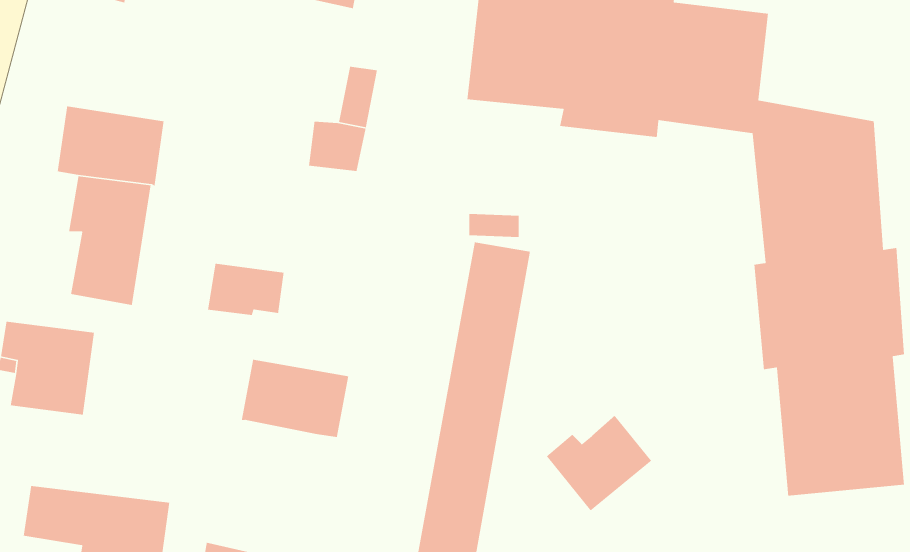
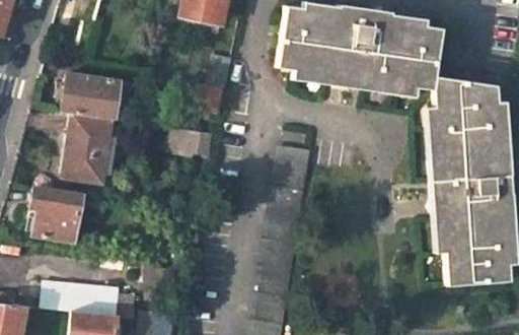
building: [207,263,285,316] -> [169,127,211,155]
building: [241,359,349,438] -> none
building: [546,415,652,511] -> none

